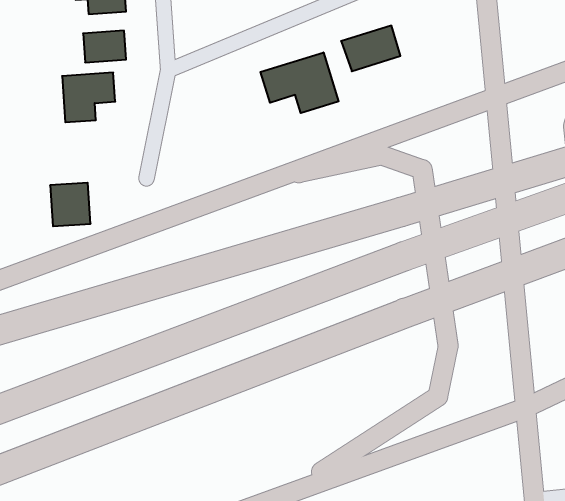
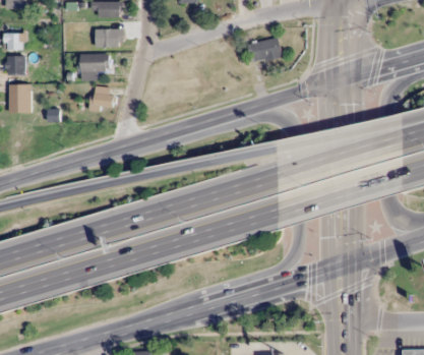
building: [260,52,339,113] -> none
building: [50,183,91,226] -> [90,87,113,112]

